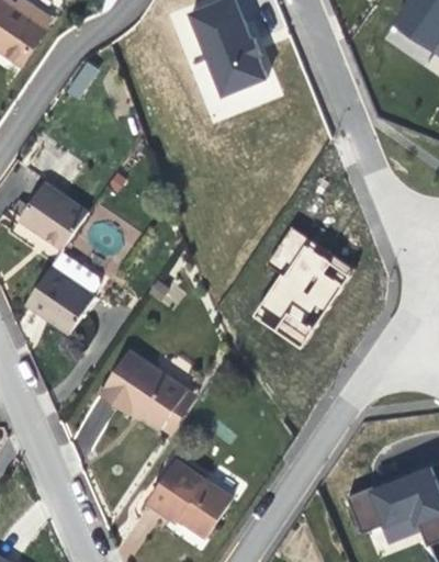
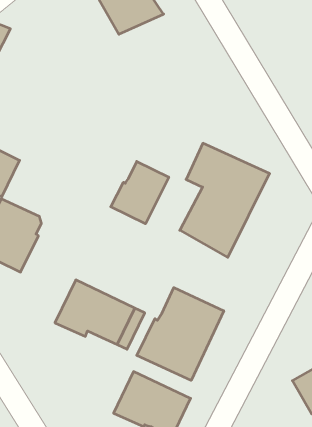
building: none -> [111,161,169,224]
building: none -> [137,288,224,380]

